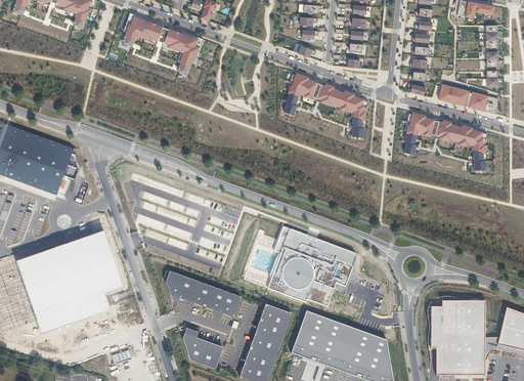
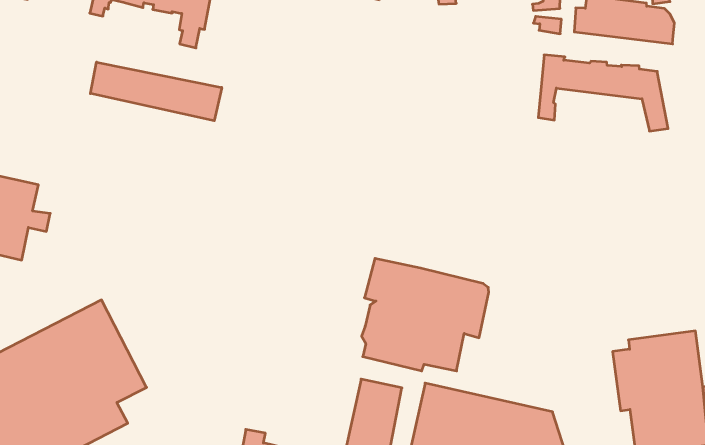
building: [285,73,367,137] -> none
building: none -> [90,62,222,121]
building: [164,268,239,313] -> none

